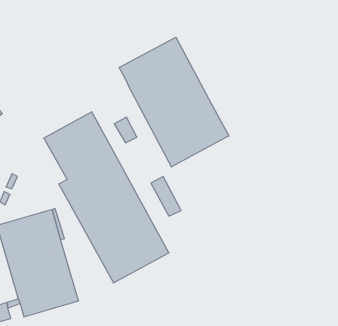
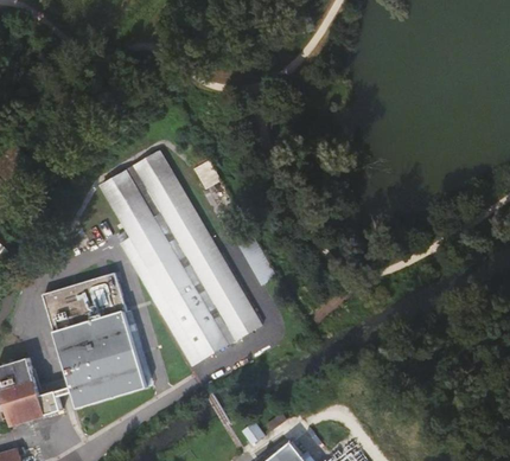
building: [119,37,229,167] -> none

